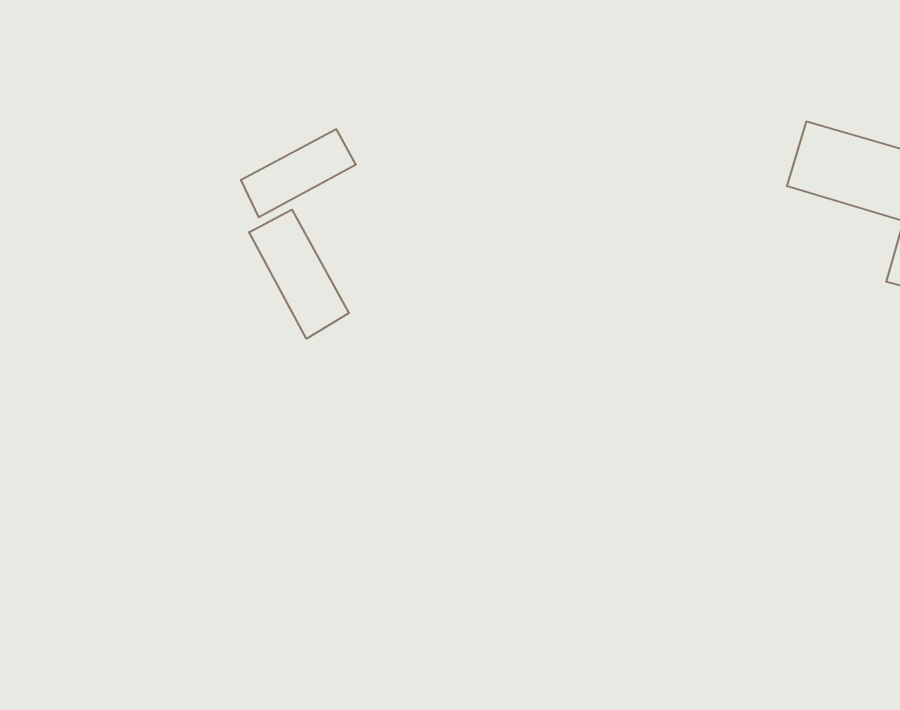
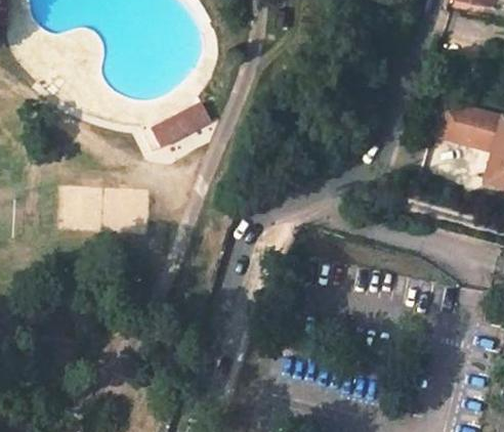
building: [249,210,349,339] -> none

